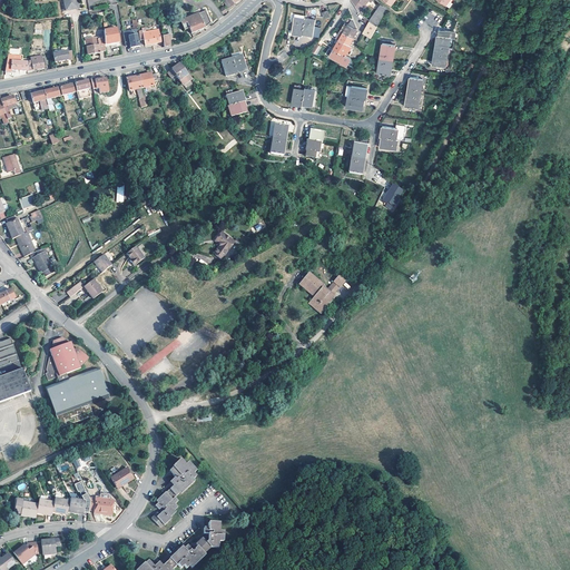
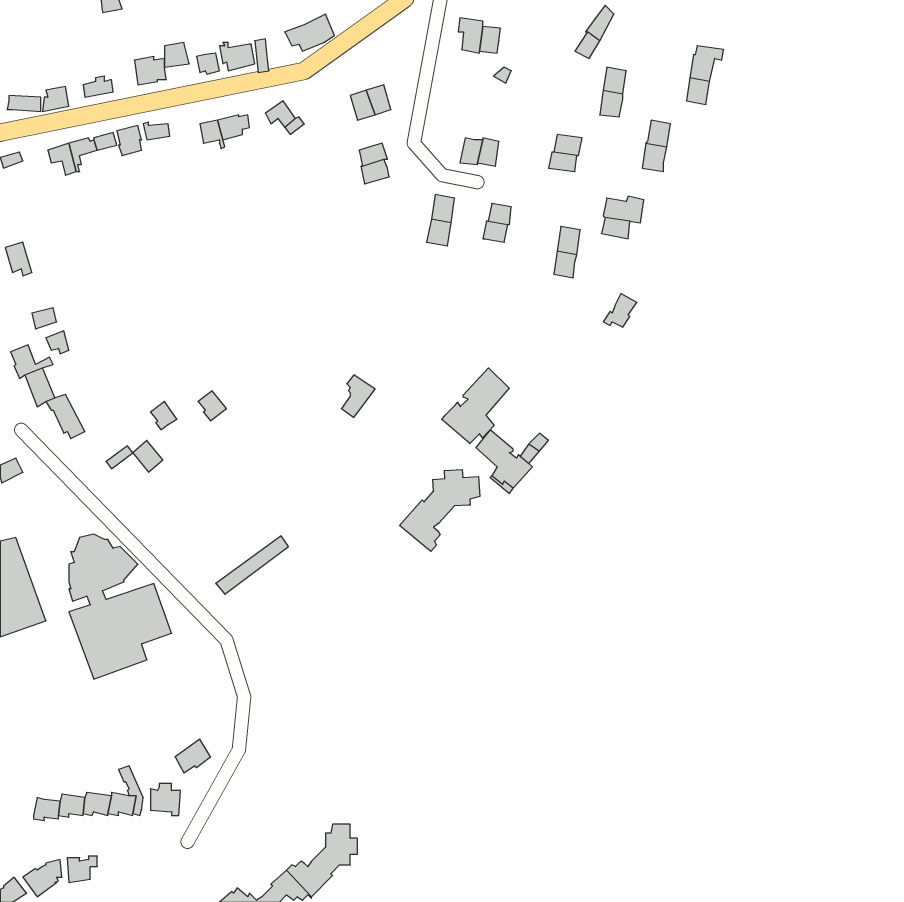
building: [326,21,357,62] -> none
building: none -> [442,368,509,444]
building: none -> [400,470,480,551]
building: [153,456,196,525] -> none

